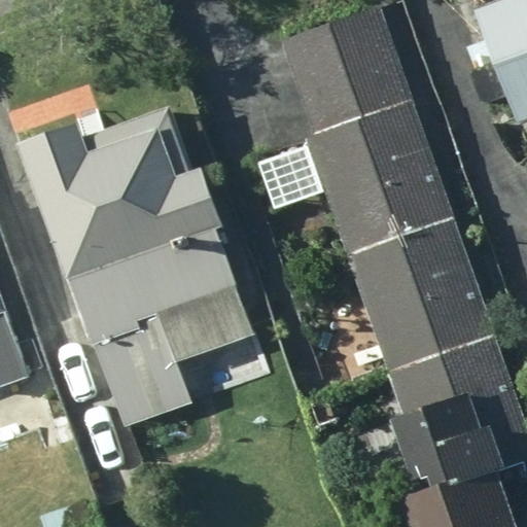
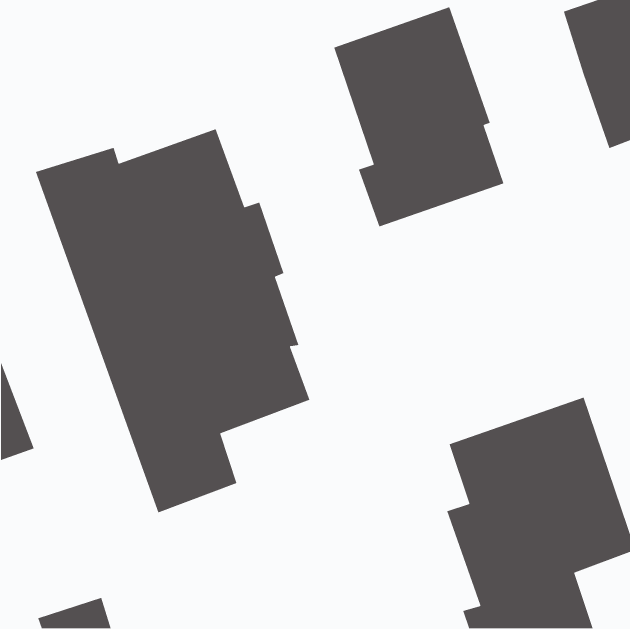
building: [318,152,488,367] -> none

